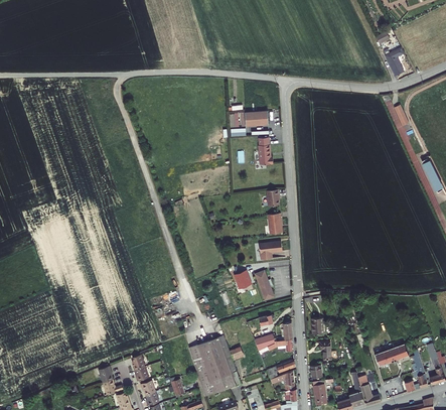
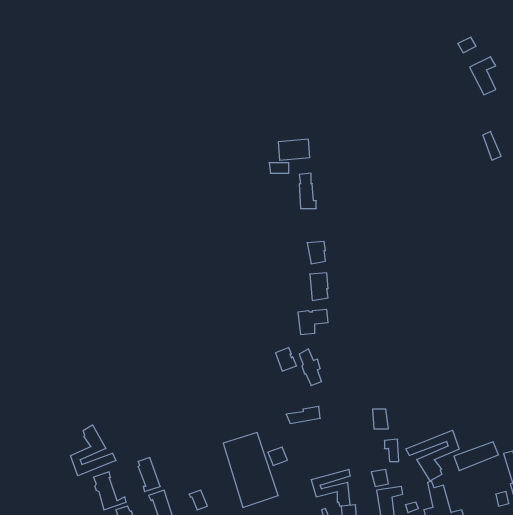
building: [254,322,293,354] -> none
building: none -> [70,425,116,476]
building: none -> [406,430,459,481]

